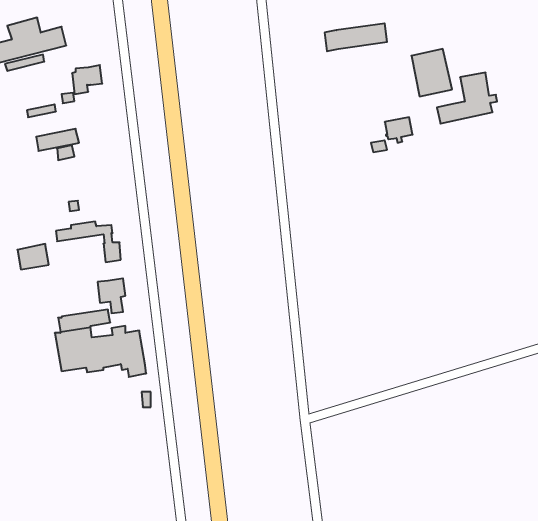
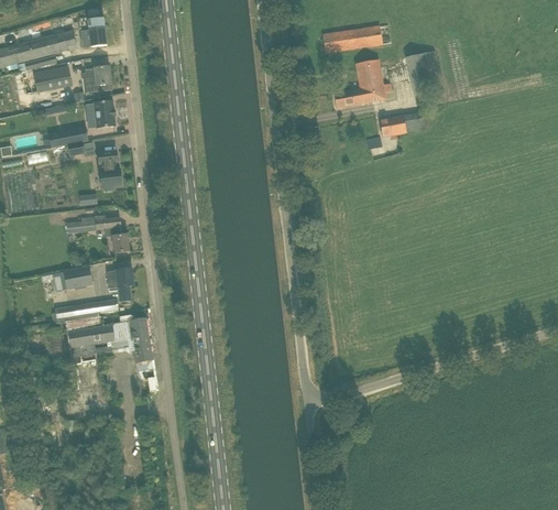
building: none -> [80,18,106,46]
building: none -> [33,68,72,93]
building: [437,73,497,124] -> [332,61,390,109]
building: none -> [92,101,114,128]
building: none -> [97,151,121,191]
building: [17,244,49,269] -> [62,265,91,290]

